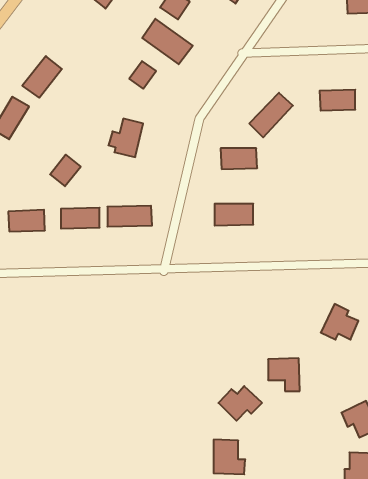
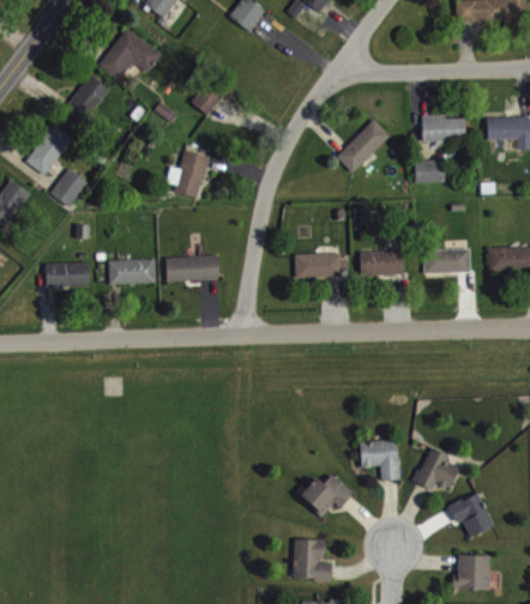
building: none -> [100,28,161,79]
building: [142,19,193,64] -> none
building: none -> [415,159,445,182]
building: [221,148,257,169] -> [360,250,404,276]
building: [50,155,81,186] -> [50,168,88,206]
building: none -> [423,248,470,273]
building: [321,304,358,340] -> [414,446,459,489]

